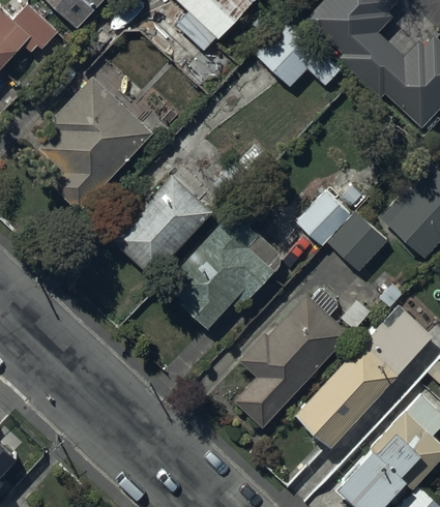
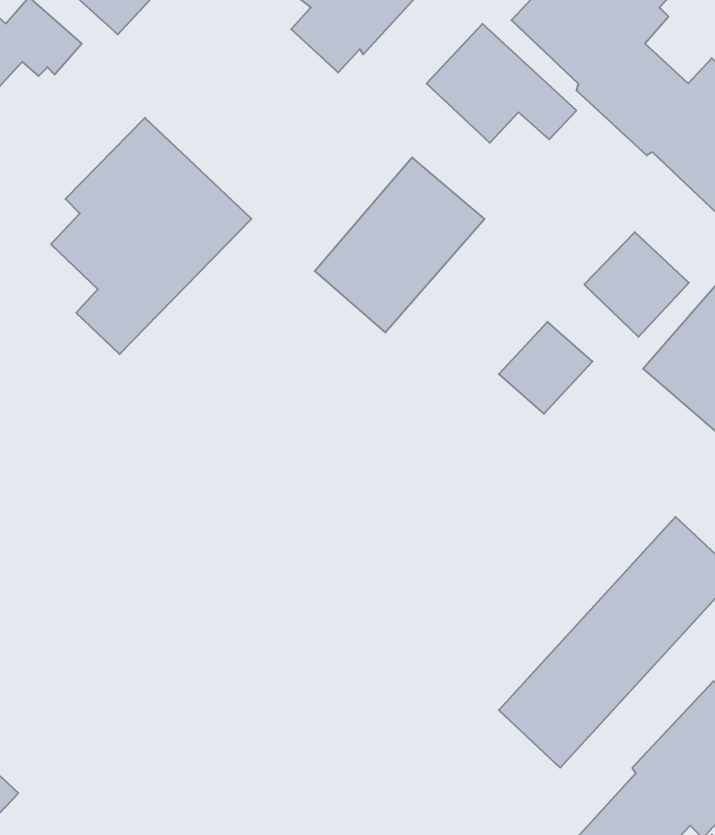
building: [116,176,213,276] -> [315,157,485,333]
building: [164,210,273,329] -> none
building: [328,212,388,272] -> [584,232,689,337]
building: [236,294,349,424] -> none

